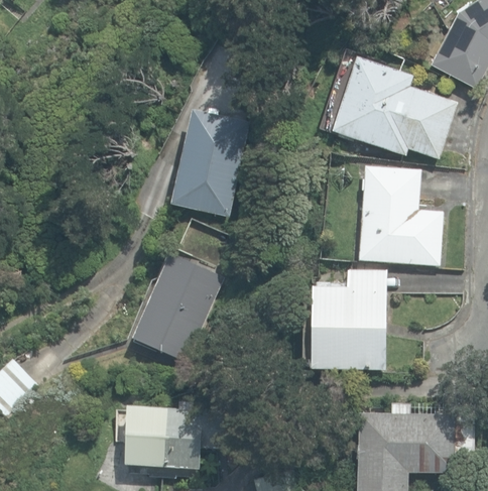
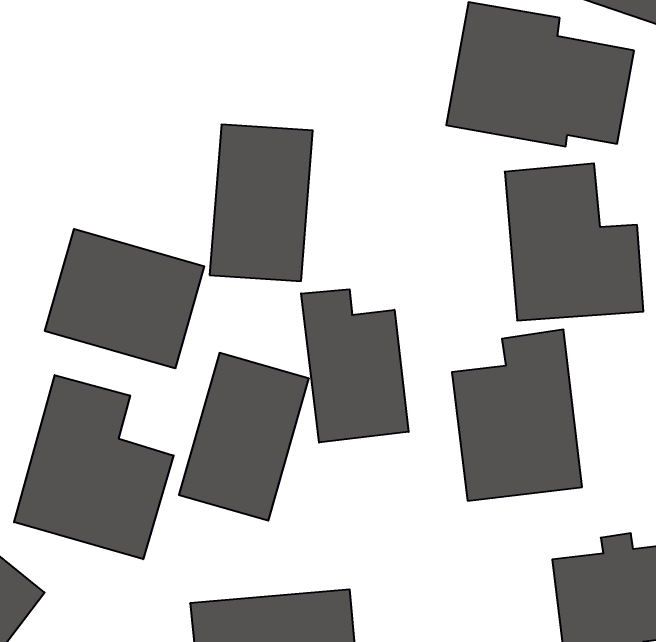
building: none -> [45,229,204,368]
building: none -> [301,289,409,443]
building: none -> [14,375,174,559]

